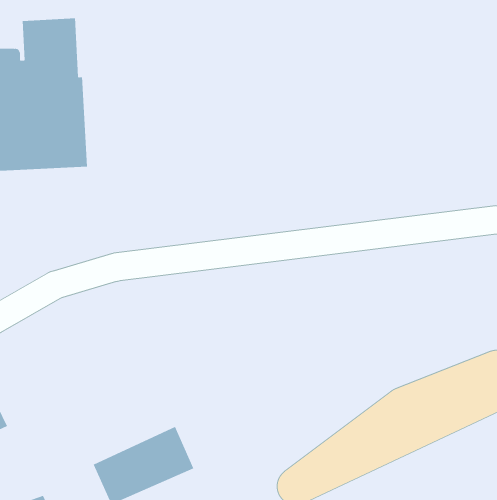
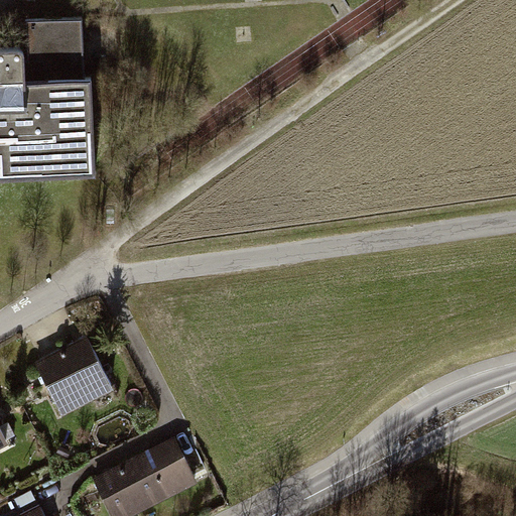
building: none -> [32,336,113,415]

